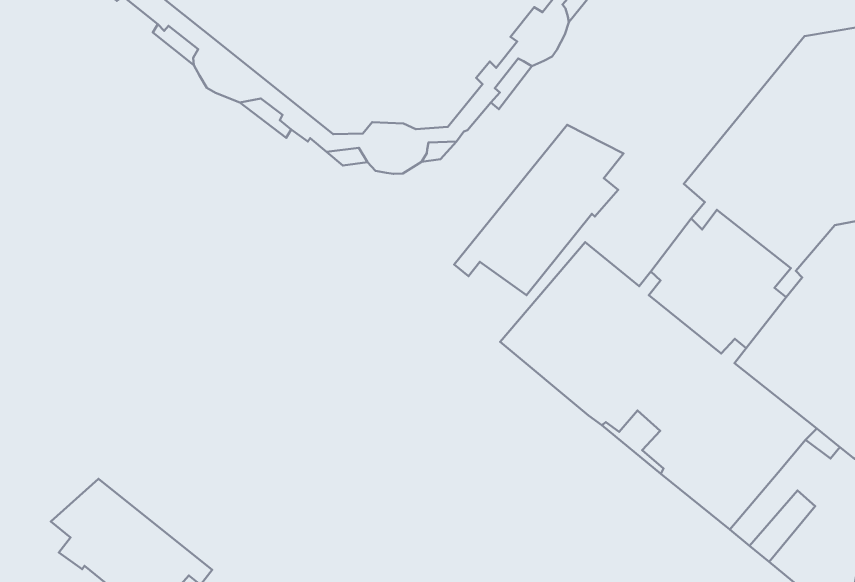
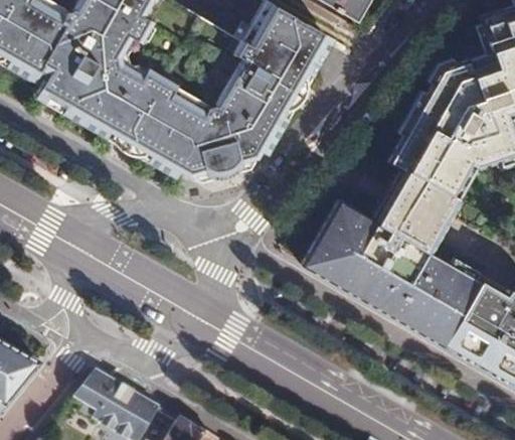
building: [454,125,623,295] -> none

